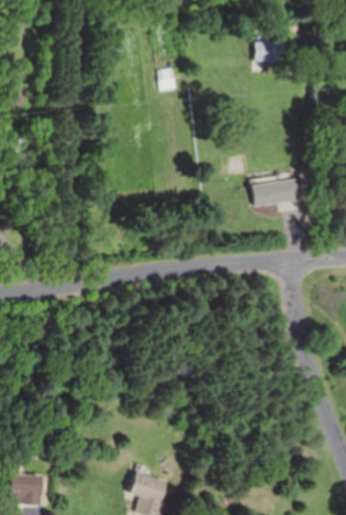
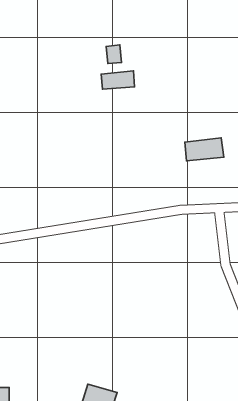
building: [255,41,285,61] -> none
building: none -> [101,71,134,89]

